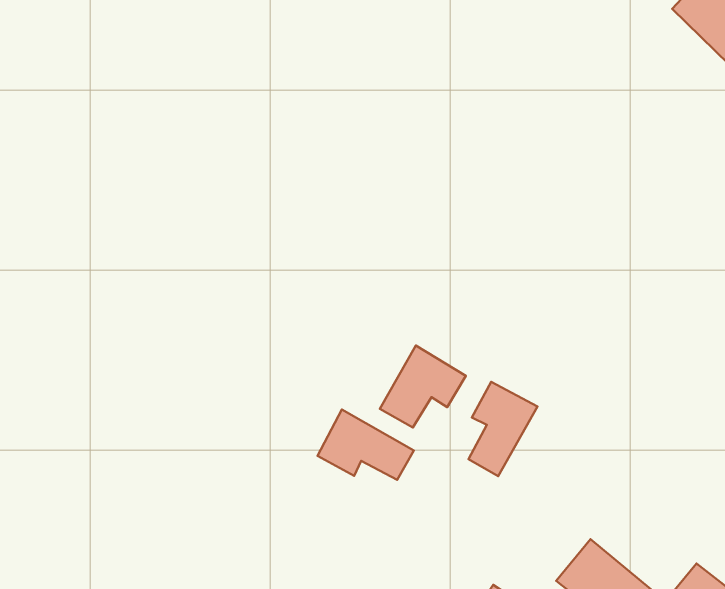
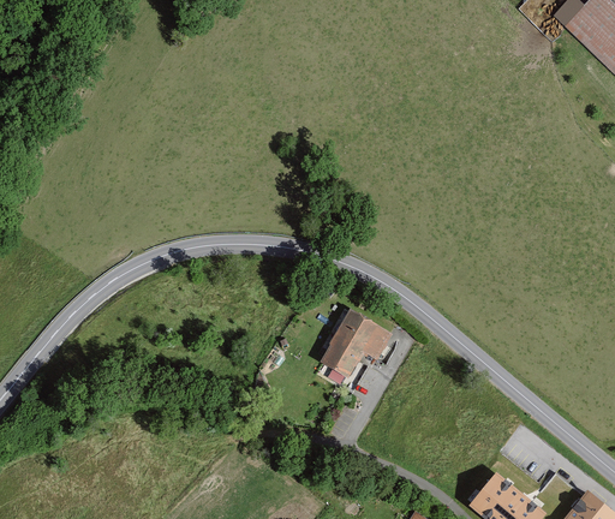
building: [469,382,538,476] -> none
building: [317,410,414,480] -> none

